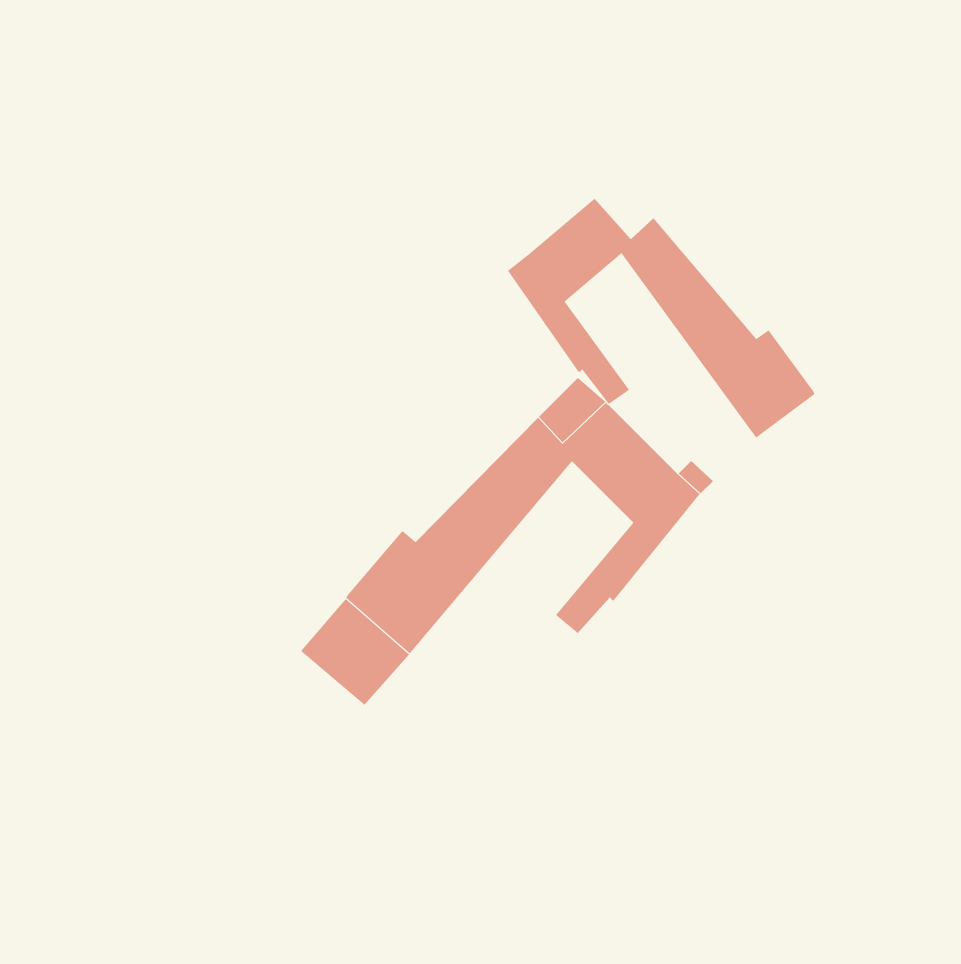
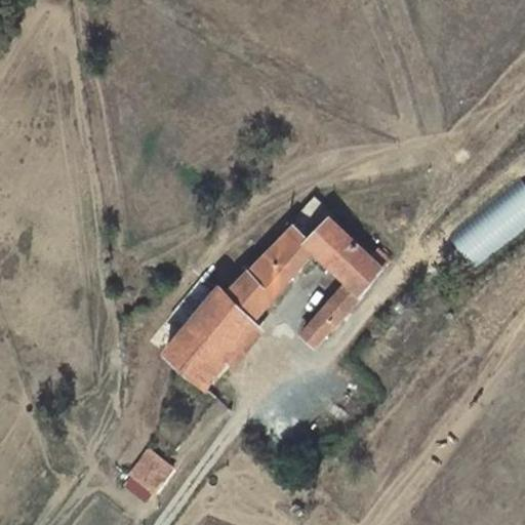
building: [507,198,815,438] -> none
building: none -> [130,451,172,494]

